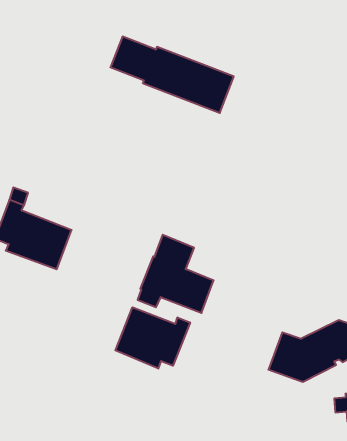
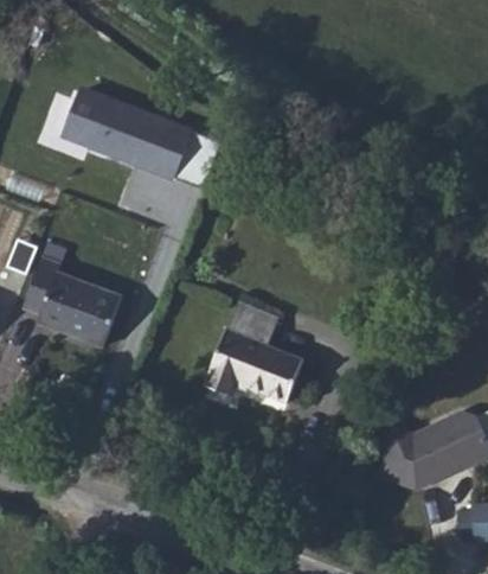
building: [110,37,234,113] -> [63,88,220,185]
building: [115,307,190,369] -> none

